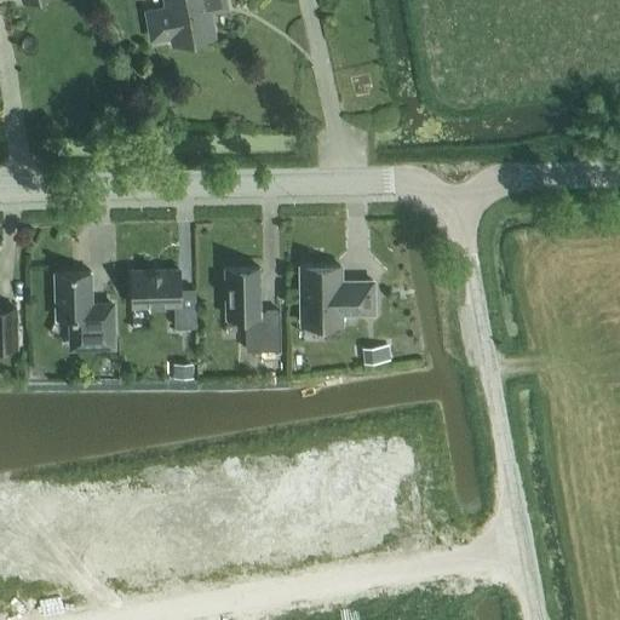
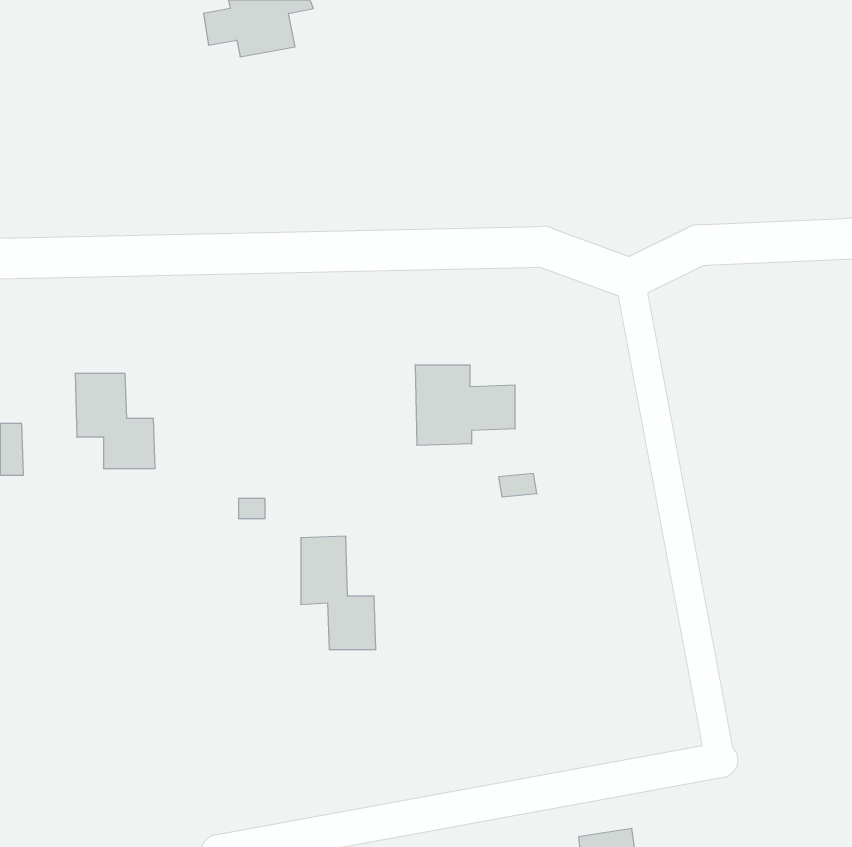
building: [226,270,281,352] -> [301,536,376,650]
building: [132,272,196,331] -> none

